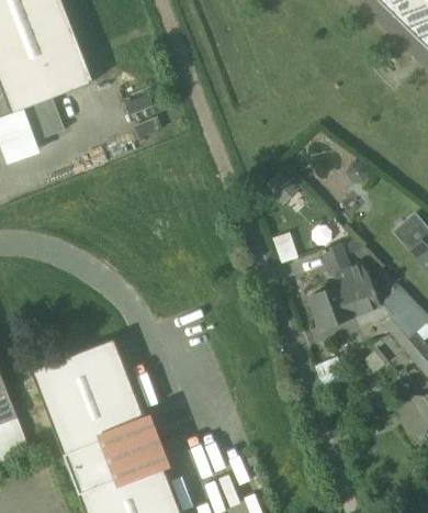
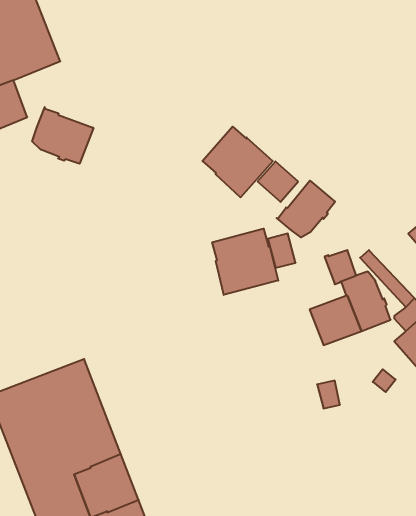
building: none -> [32,107,93,164]
building: none -> [202,127,273,197]
building: none -> [277,181,335,237]
building: none -> [212,229,278,295]

